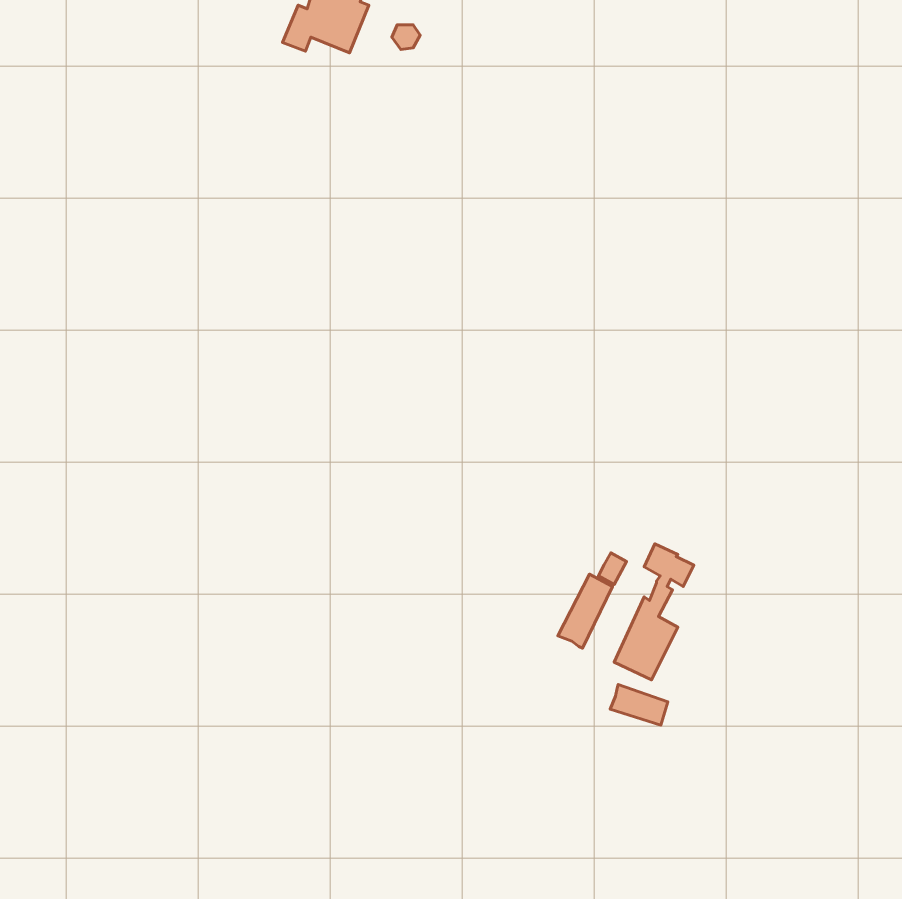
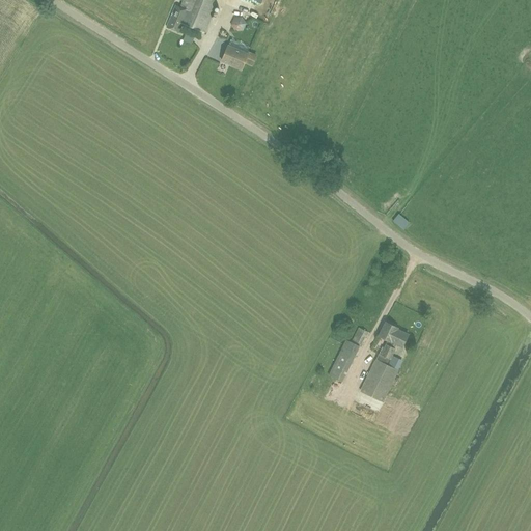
building: none -> [222,44,256,67]
building: [610,685,668,725] -> none

